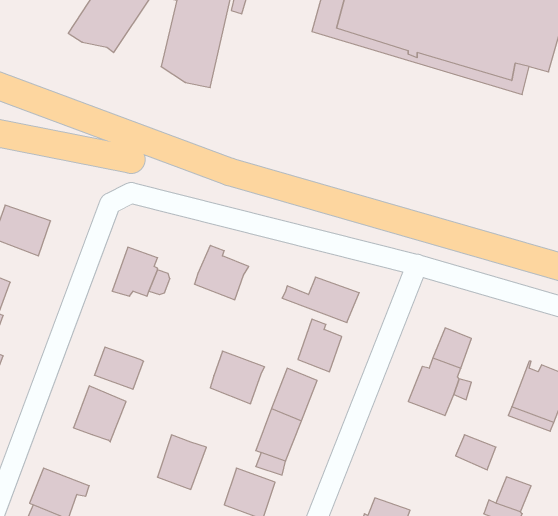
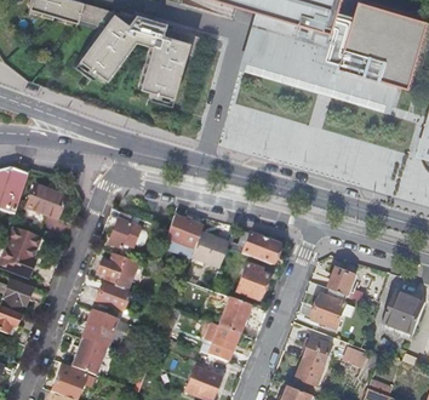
building: none -> [97,251,138,290]
building: [210,351,265,404] -> [190,232,228,268]
building: none -> [297,337,333,385]
building: [157,435,206,489] -> [72,337,105,375]

